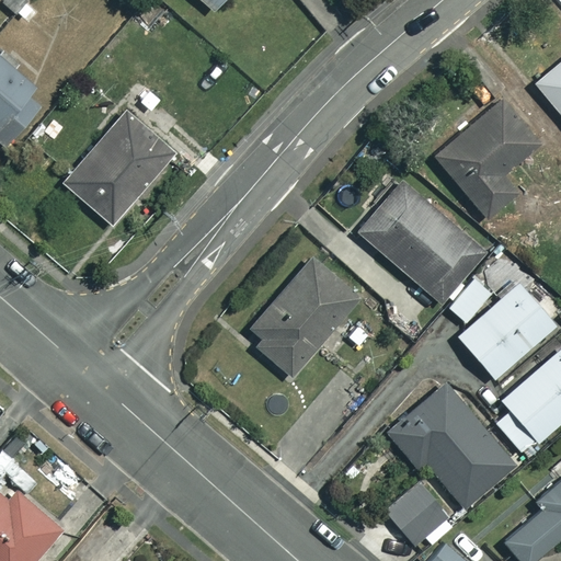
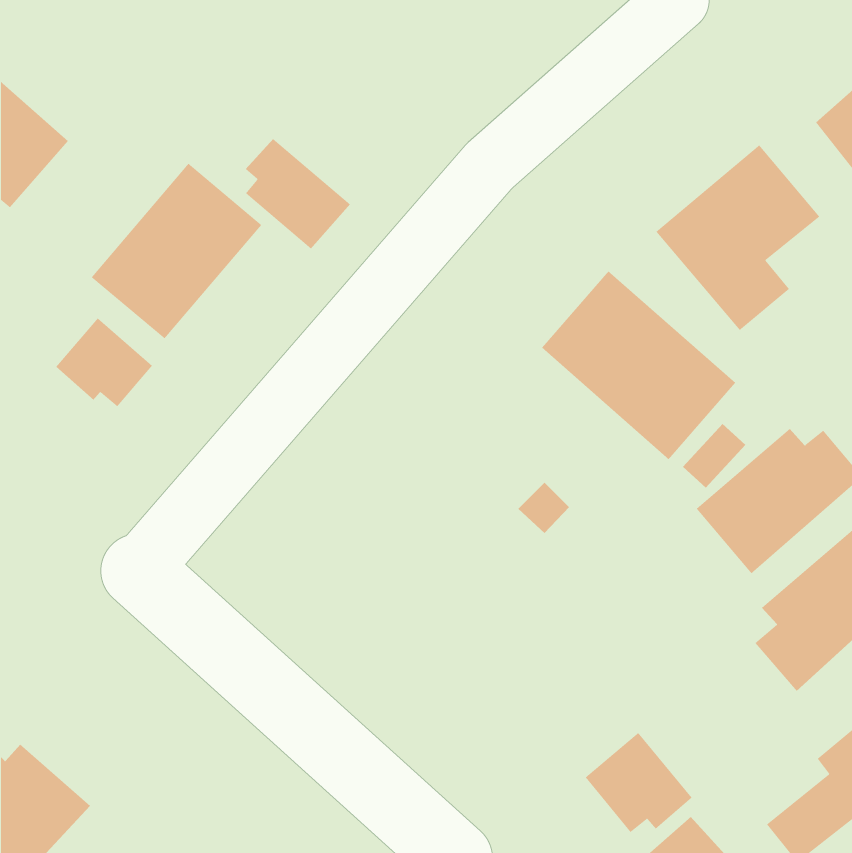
building: none -> [245,138,351,250]
building: none -> [56,318,153,407]
building: [253,260,362,377] -> none
building: [387,382,517,510] -> none

